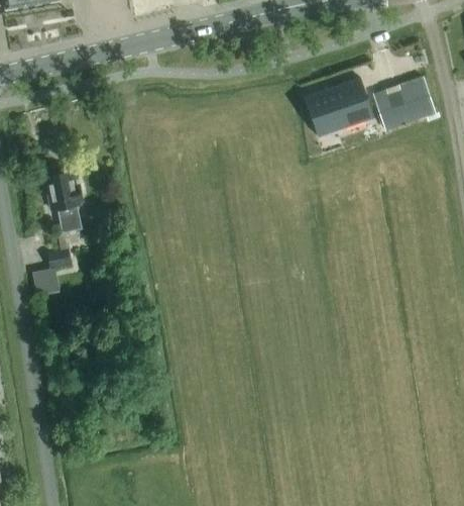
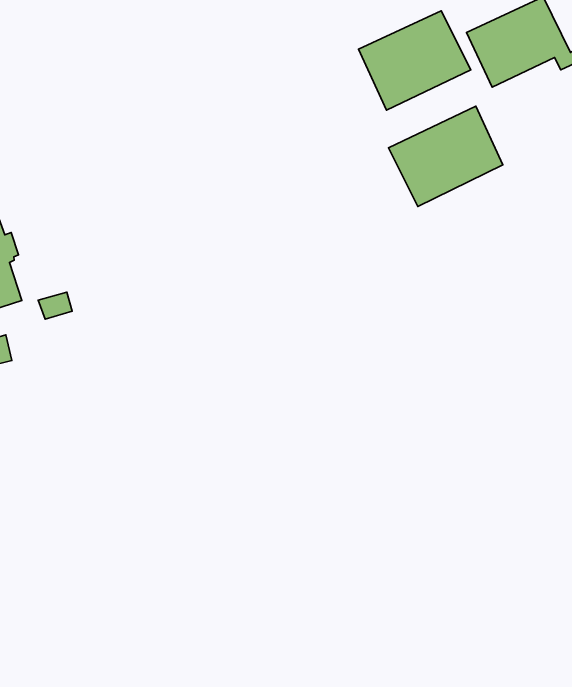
building: none -> [388,106,503,207]

